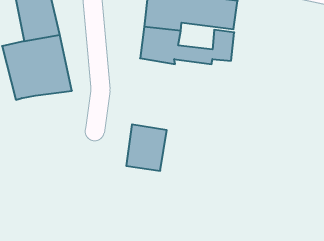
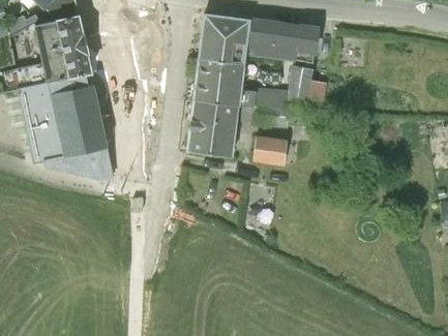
building: none -> [252,136,288,167]
building: none -> [43,146,110,177]
building: [126,124,167,171] -> [187,102,239,161]

